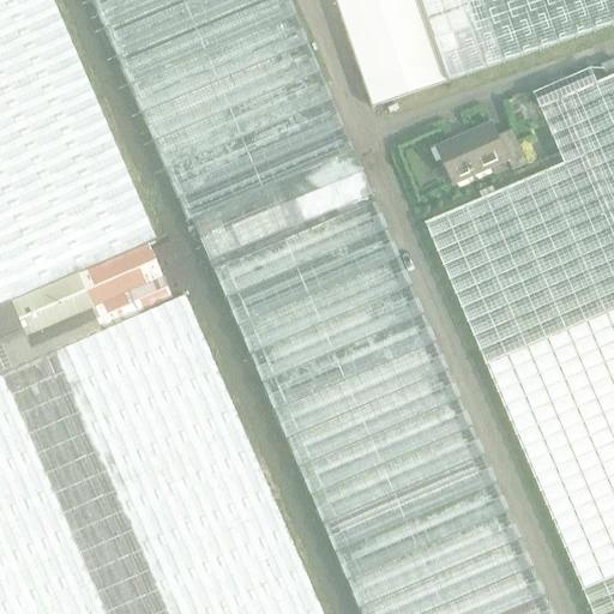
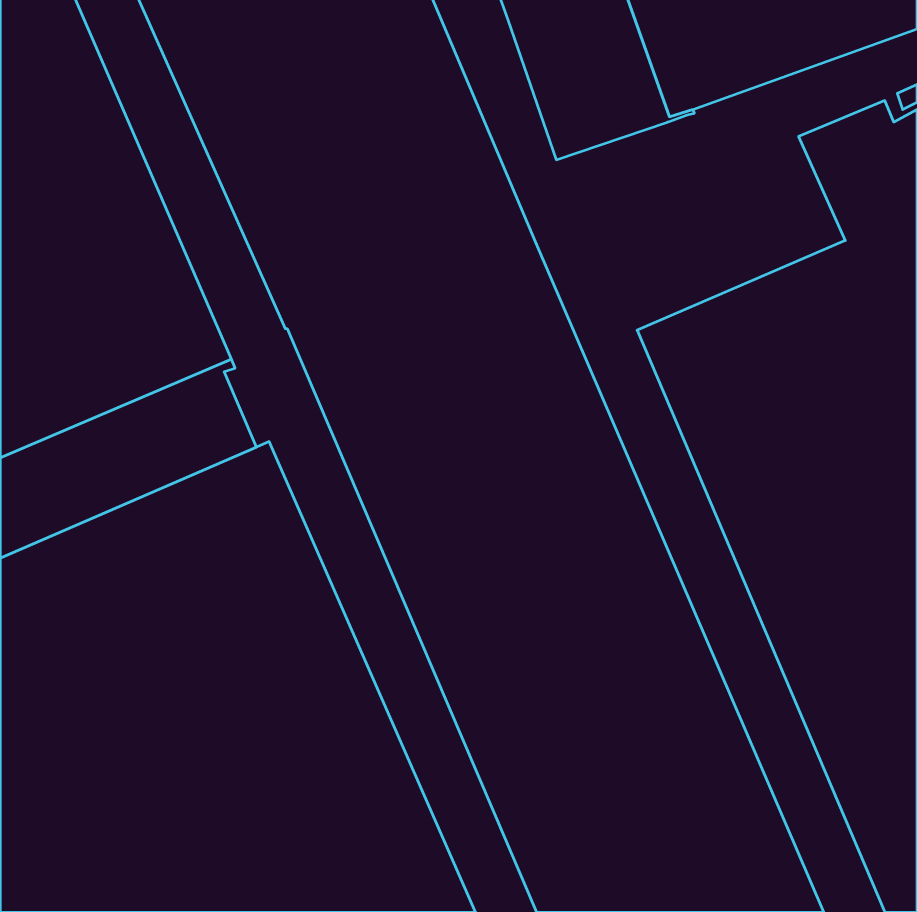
building: [435,124,525,185] -> none

